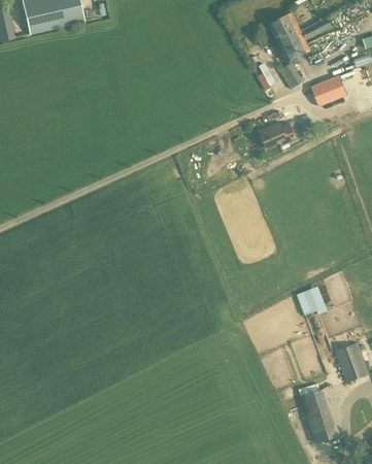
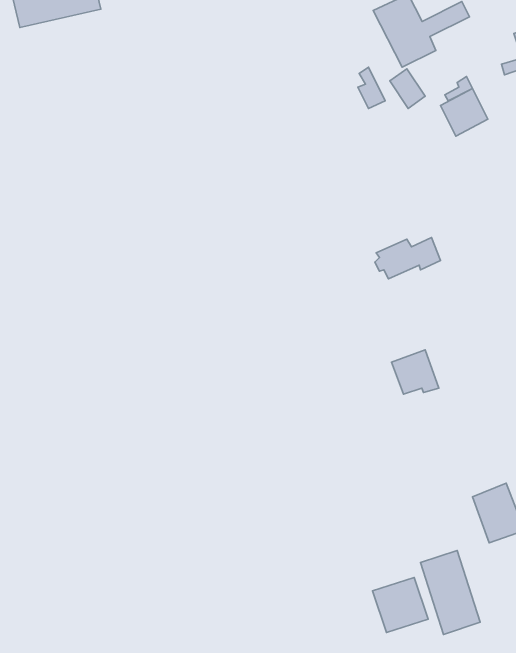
building: [258,120,302,147] -> [375,238,441,279]
building: [296,285,328,314] -> [391,350,439,394]
building: none -> [372,578,428,632]

